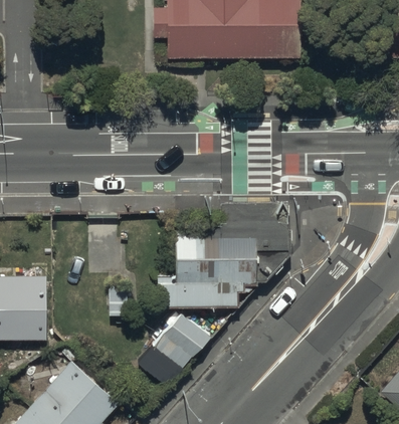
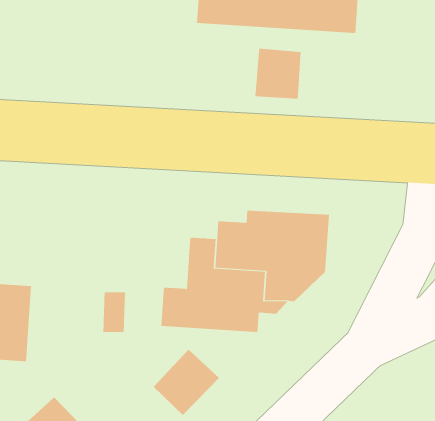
building: none -> [255,48,301,100]

